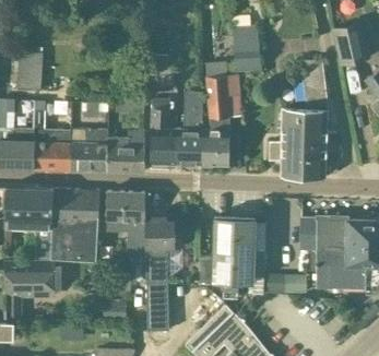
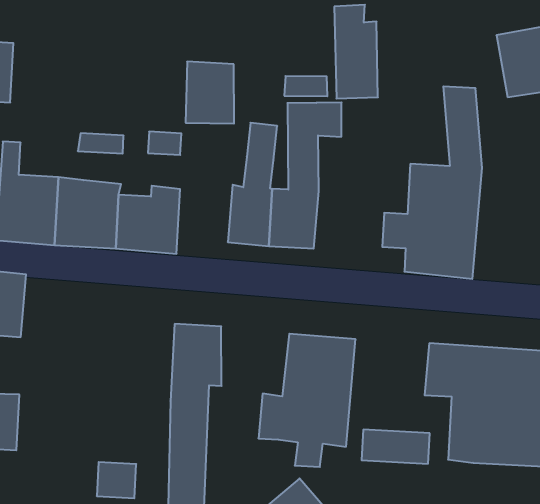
building: [150,102,176,165] -> none
building: [51,191,99,261] -> none
building: [107,192,145,263] -> none

